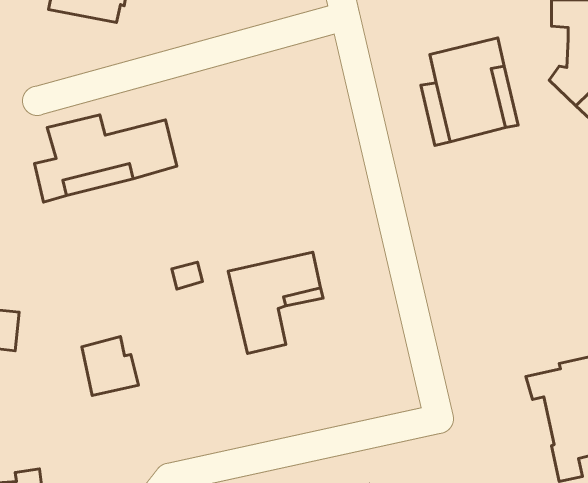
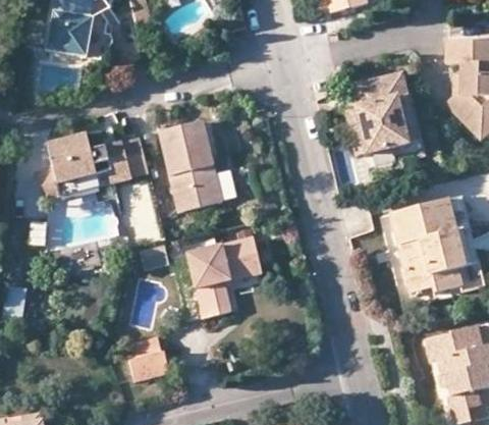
building: none -> [161,123,225,214]
building: none -> [389,194,469,290]
building: [82,336,138,395] -> [125,334,170,381]

